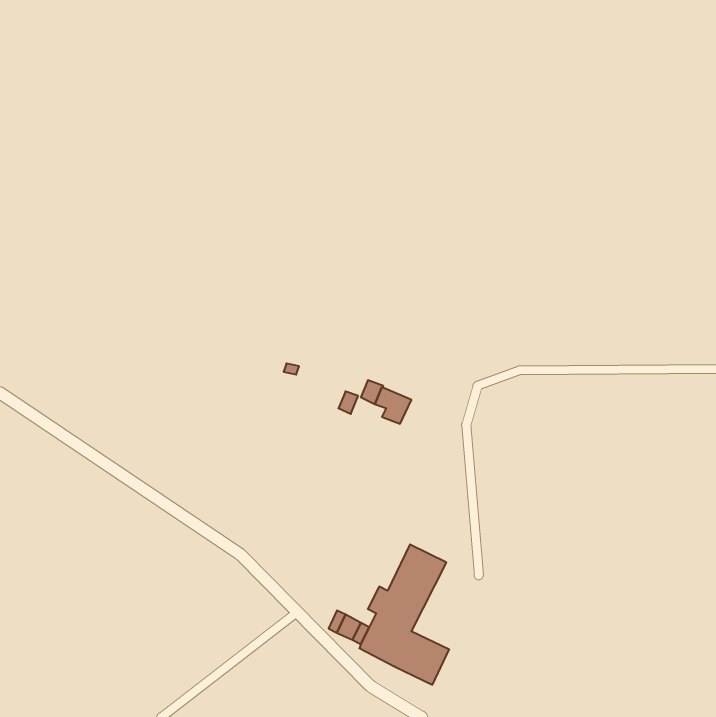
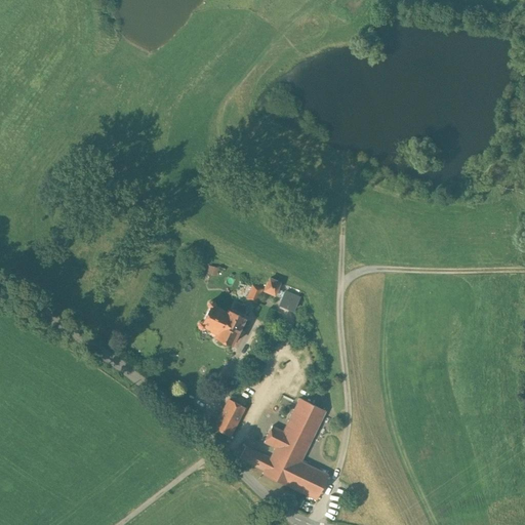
building: none -> [198,300,245,346]
building: none -> [215,400,245,436]

